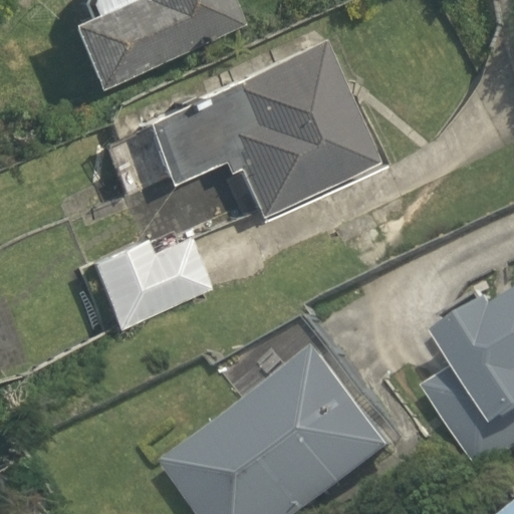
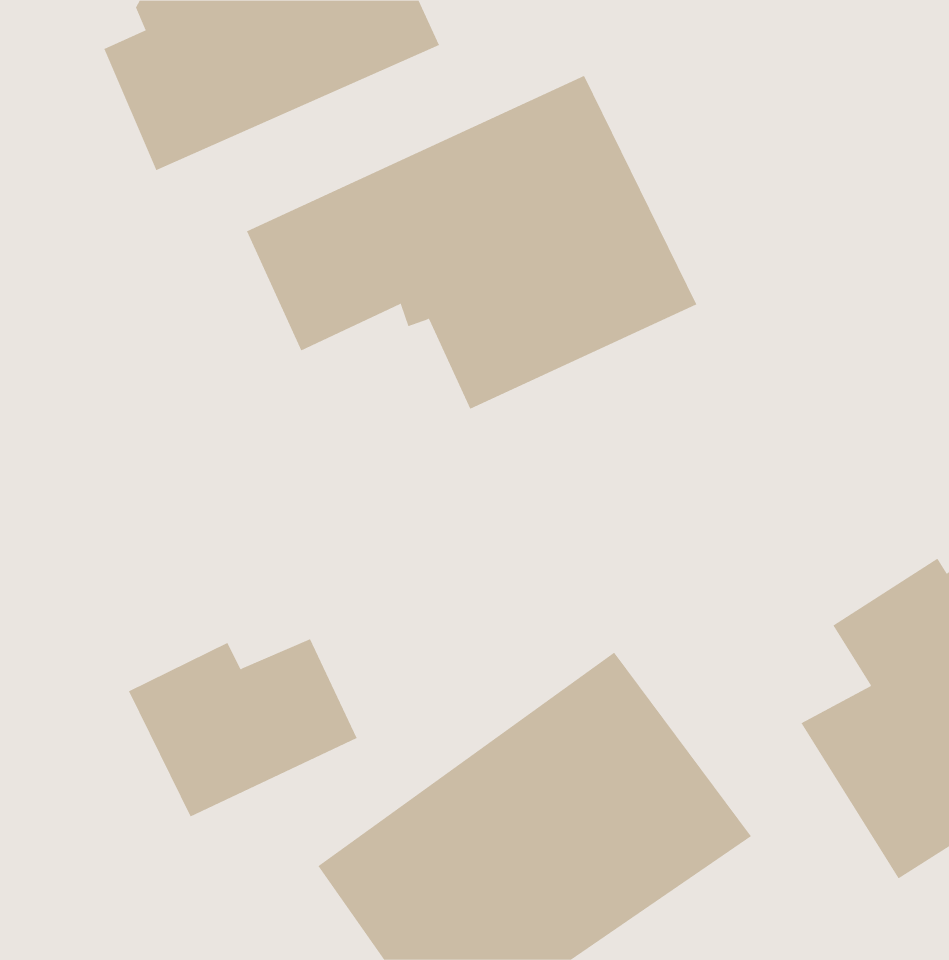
building: [88,237,211,332] -> [128,639,357,817]

